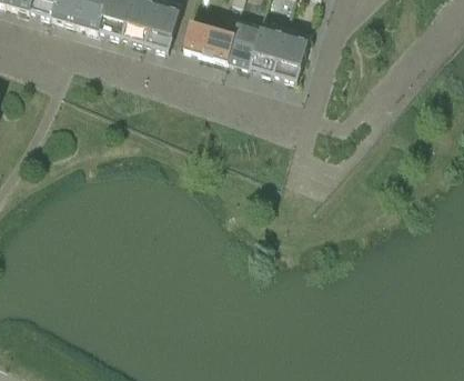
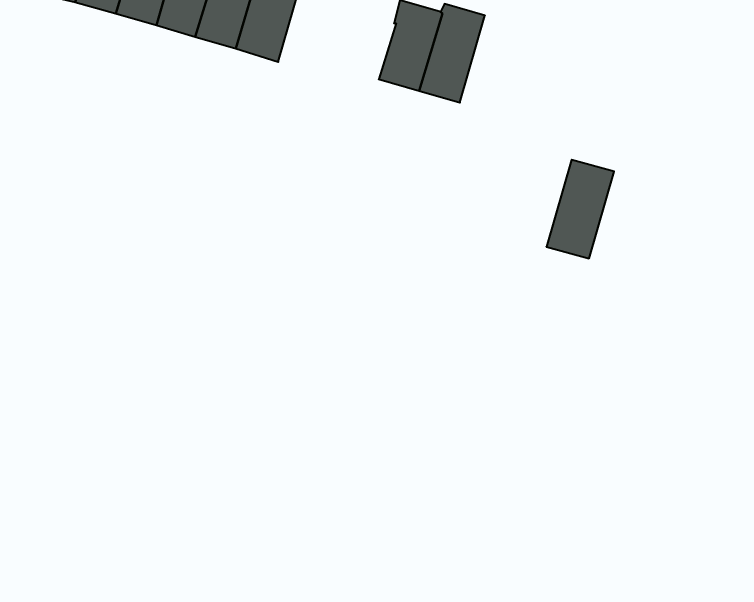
building: [181,22,234,62] -> none
building: [271,26,310,82] -> [546,160,614,258]

